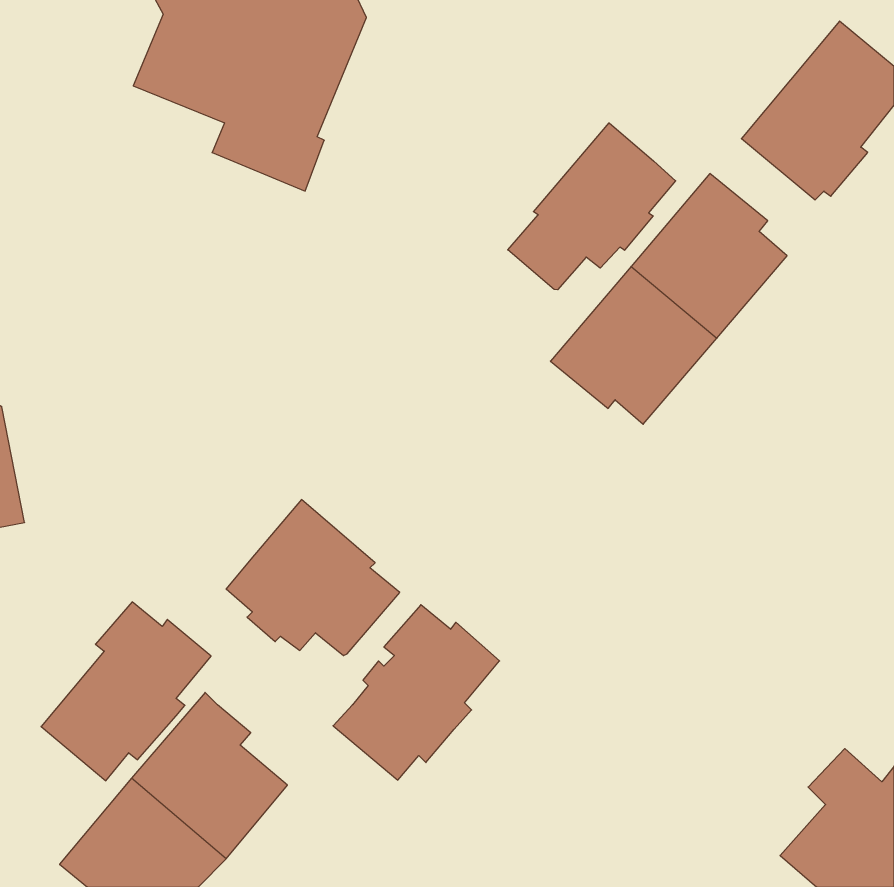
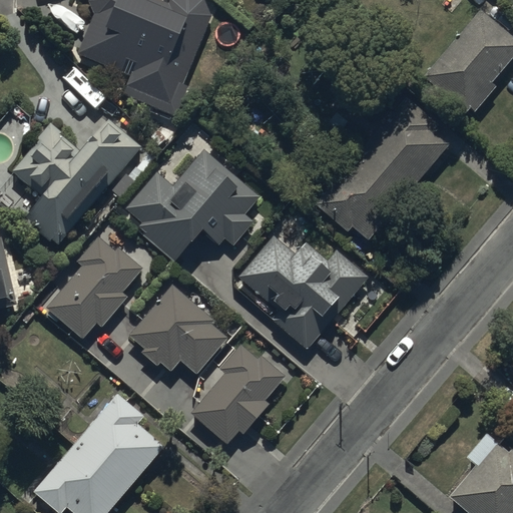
building: [508,123,676,290] -> none
building: none -> [10,113,138,238]
building: none -> [125,149,260,261]
building: none -> [238,235,369,350]
building: [41,602,211,781] -> [46,237,143,340]

